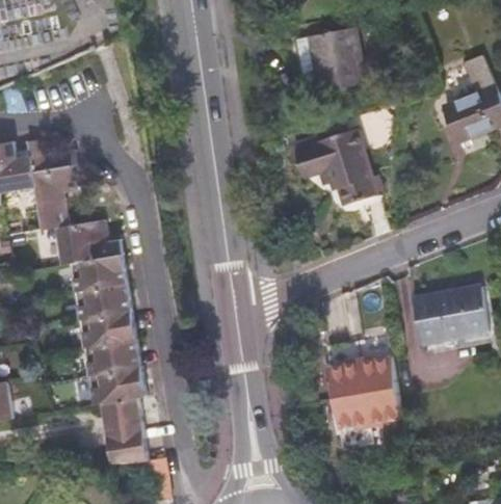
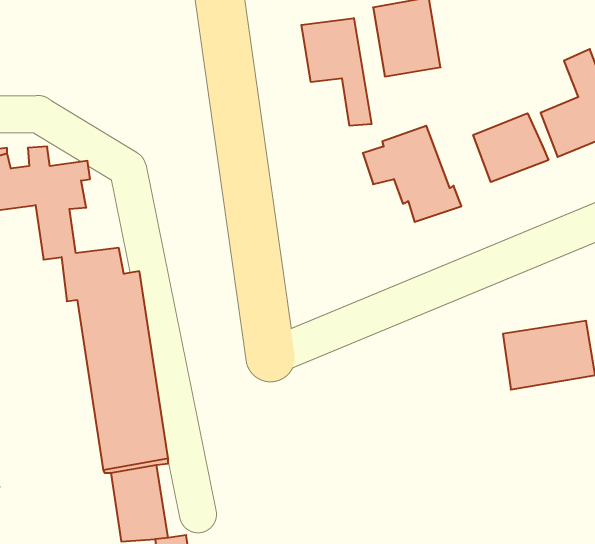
building: none -> [301,18,372,126]
building: none -> [473,113,548,182]
building: [325,355,398,428] -> none

